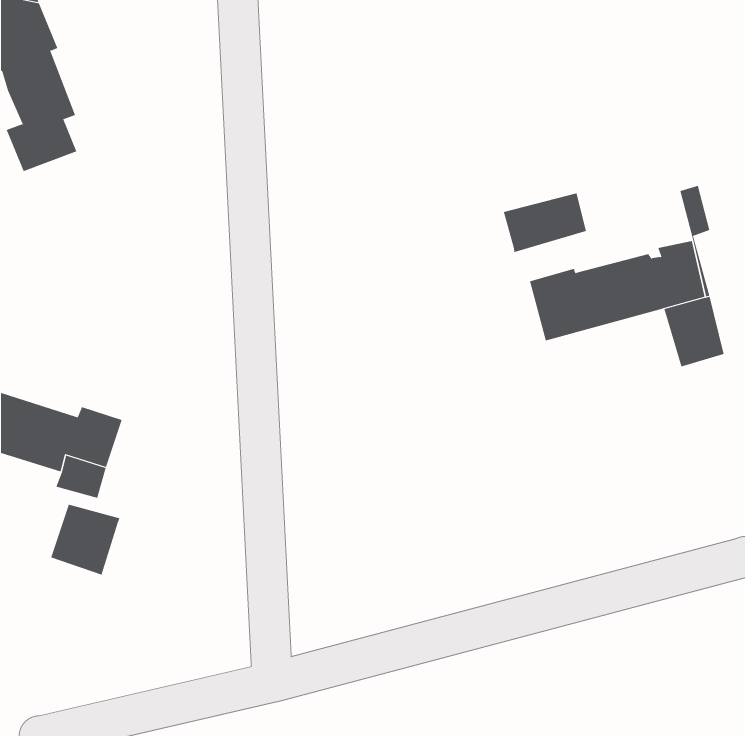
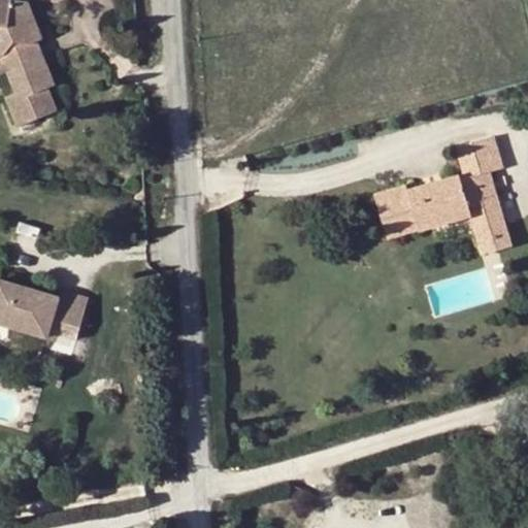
building: none -> [456,135,490,175]
building: [503,193,586,253] -> none
building: [51,504,120,576] -> none

